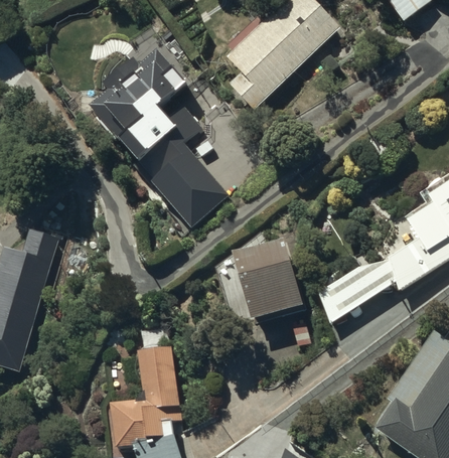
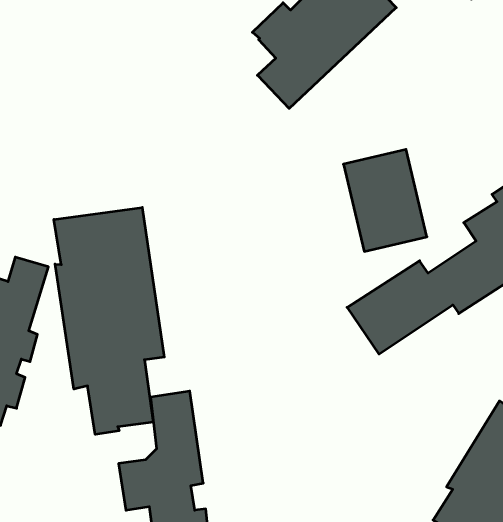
building: [91,52,227,231] -> none
building: none -> [54,207,164,434]
building: [235,236,303,319] -> [343,149,427,251]

